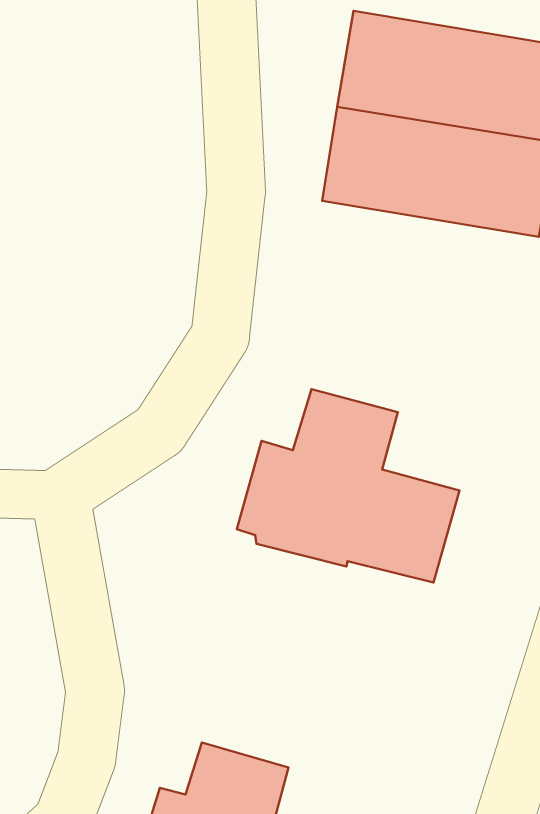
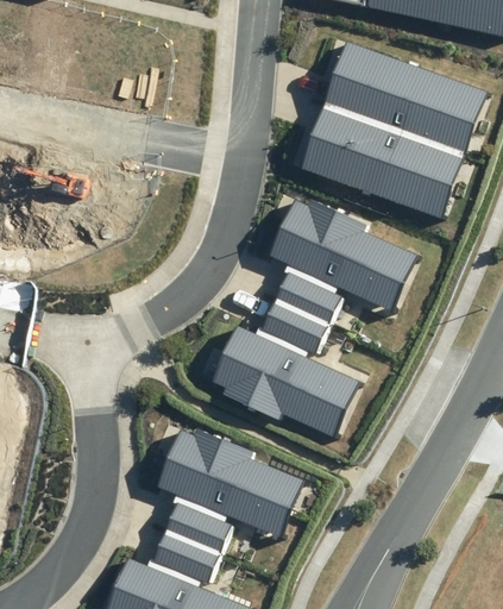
building: none -> [264,200,416,321]
building: none -> [155,427,307,547]

